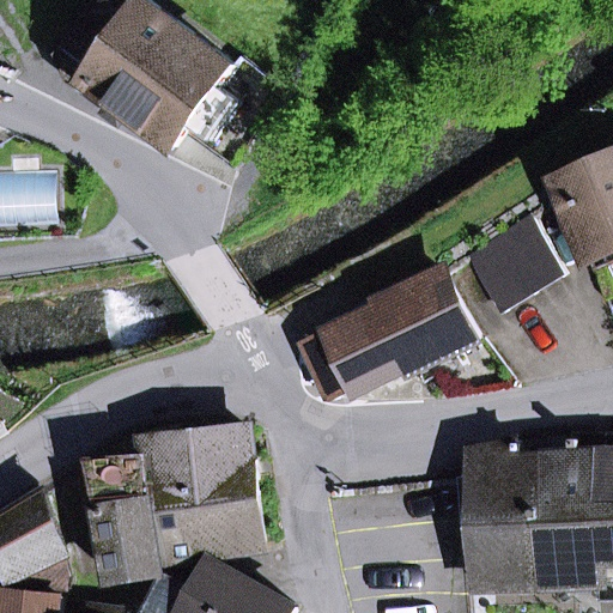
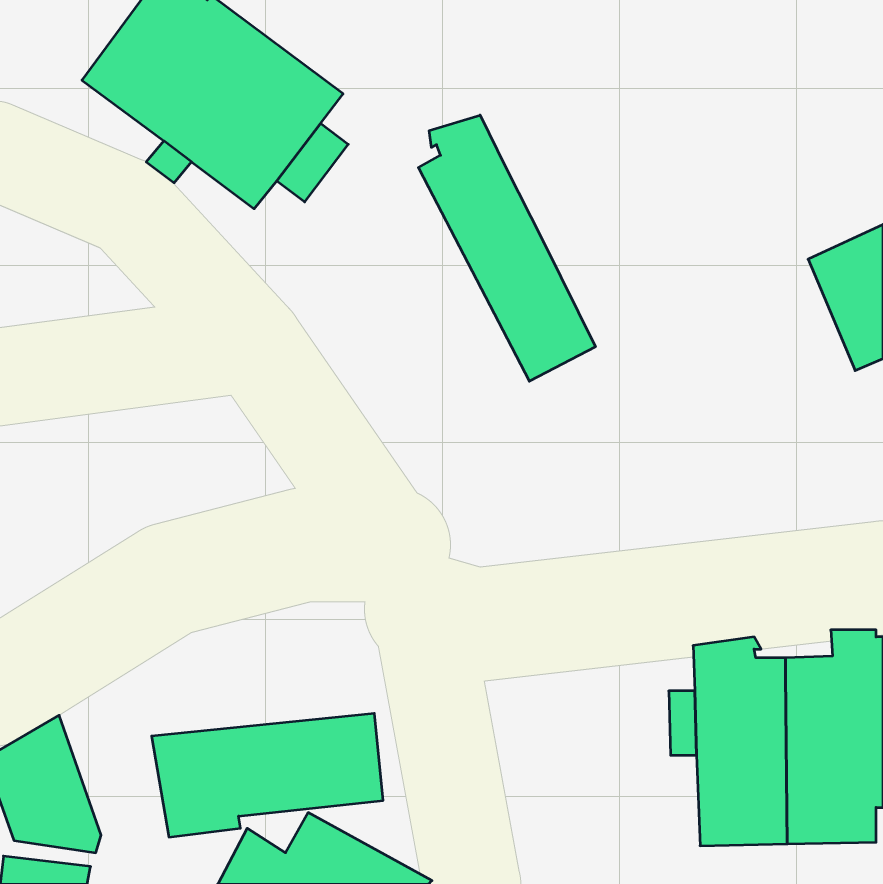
building: none -> [418,115,595,381]
building: [468,217,564,309] -> none
building: [304,267,478,395] -> none
building: [95,427,257,506] -> none

